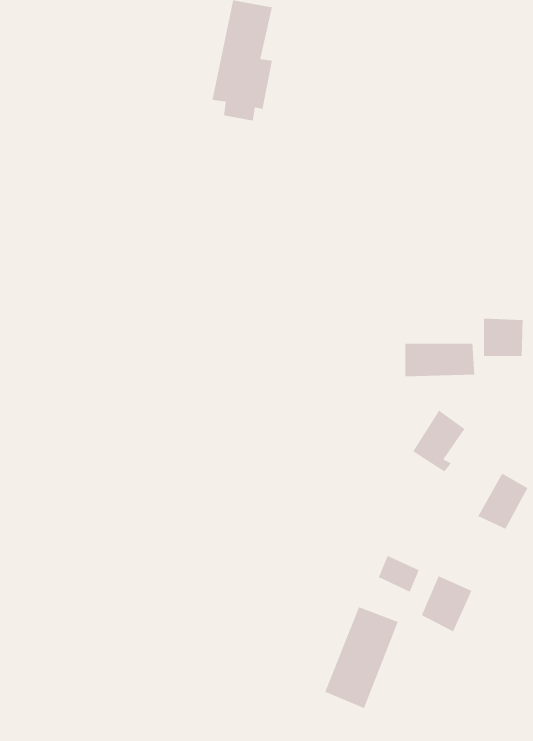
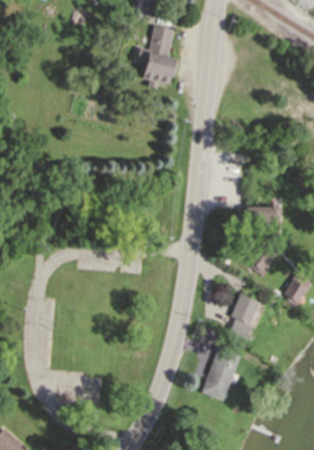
building: [483,318,524,357] -> none
building: [421,575,473,633] -> [231,295,259,325]

